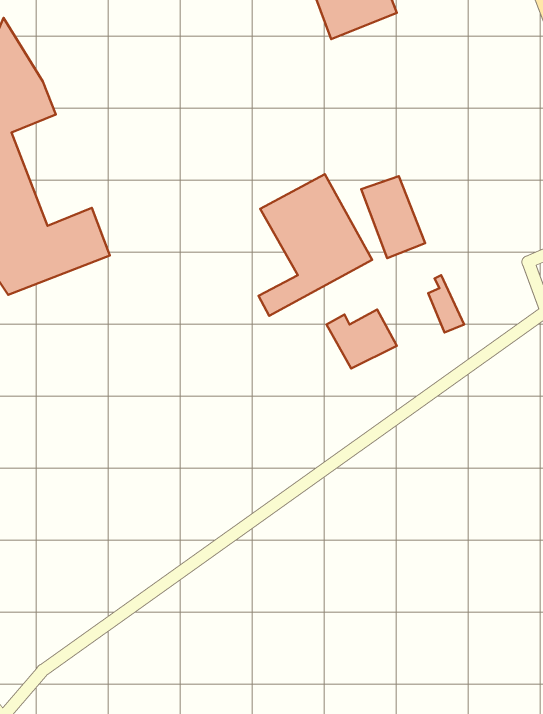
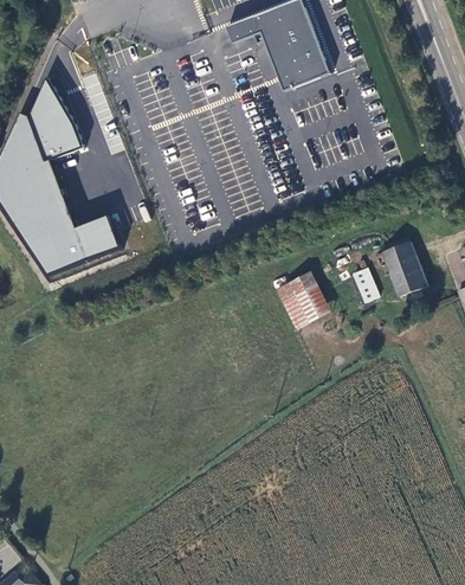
building: [259,174,372,316] -> none
building: [361,176,425,258] -> [380,237,426,296]

